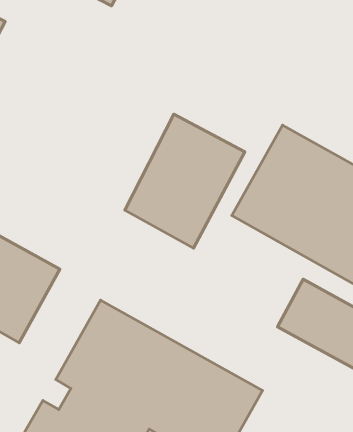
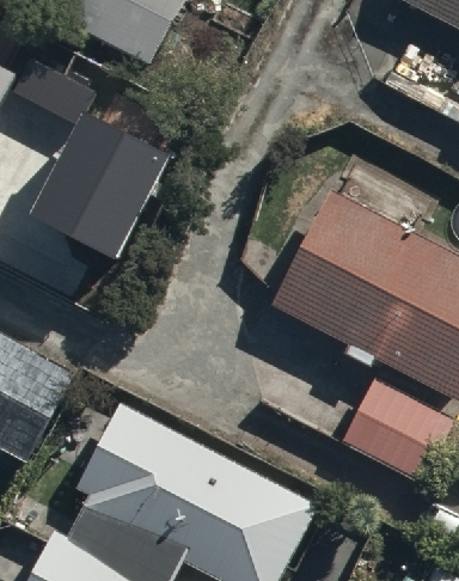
building: none -> [29,111,169,259]
building: [125,114,245,248] -> none

